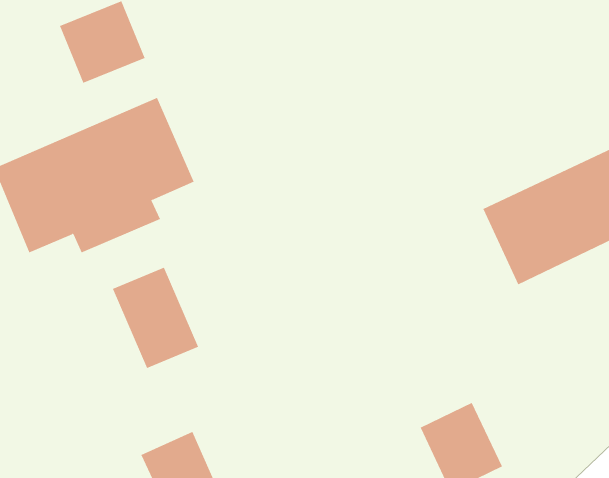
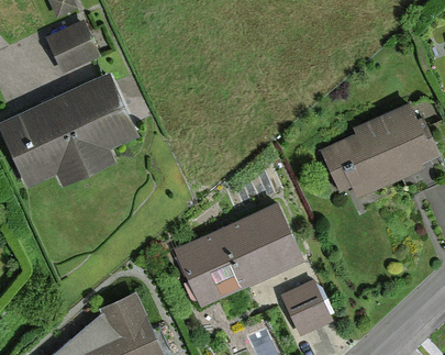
building: [112,267,199,369] -> none
building: none -> [176,206,299,303]

